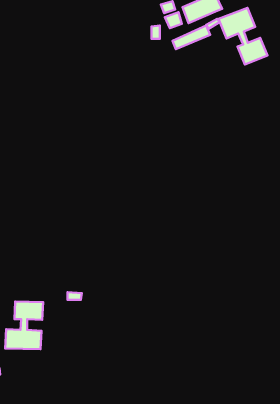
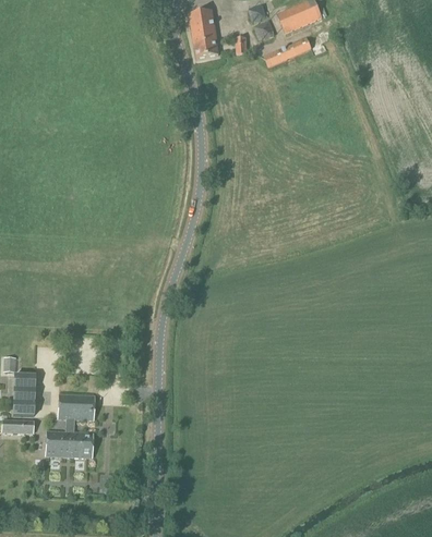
building: none -> [189,11,218,58]
building: [219,8,268,64] -> none

